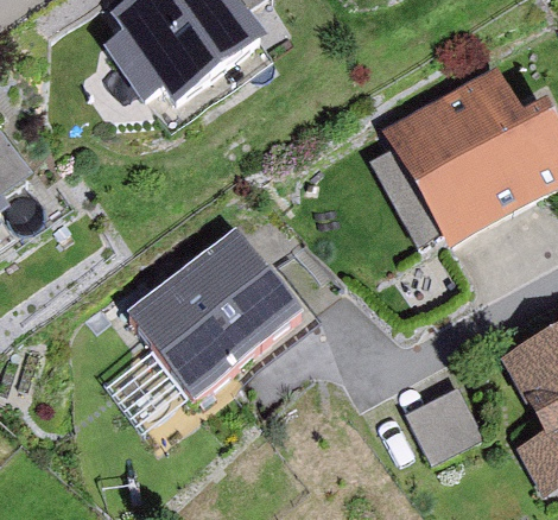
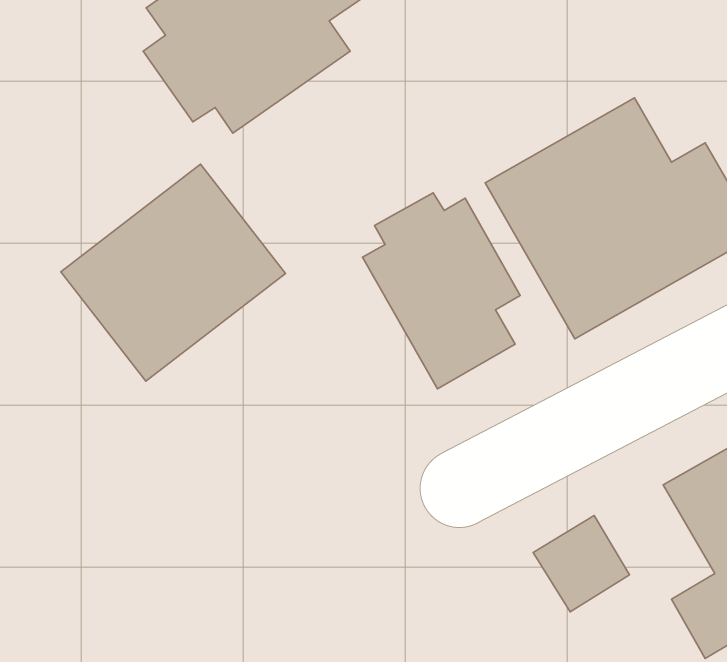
building: none -> [362,193,520,389]
building: [133,236,299,397] -> [61,164,286,381]

